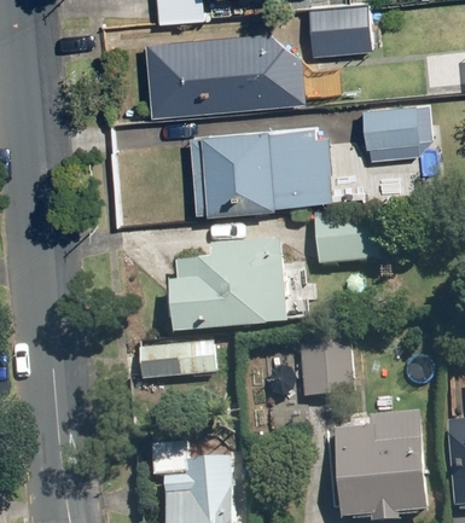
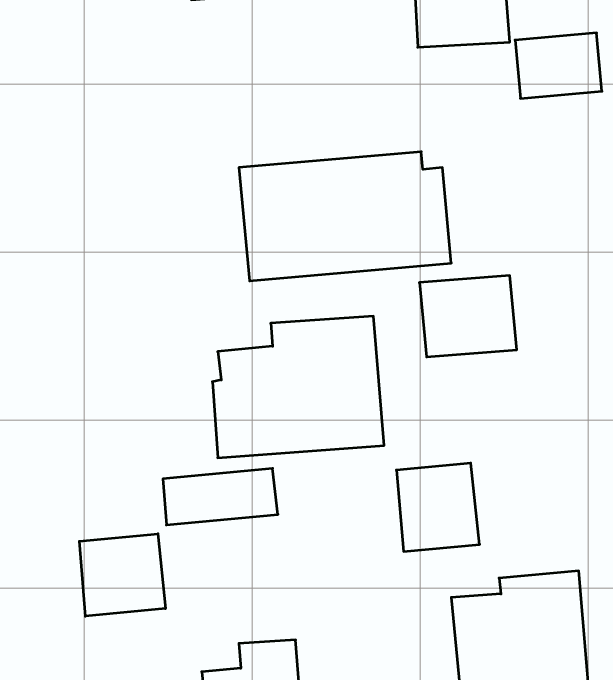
building: [144,31,308,117] -> none
building: [361,104,420,149] -> [515,33,602,98]
building: none -> [79,534,165,616]

